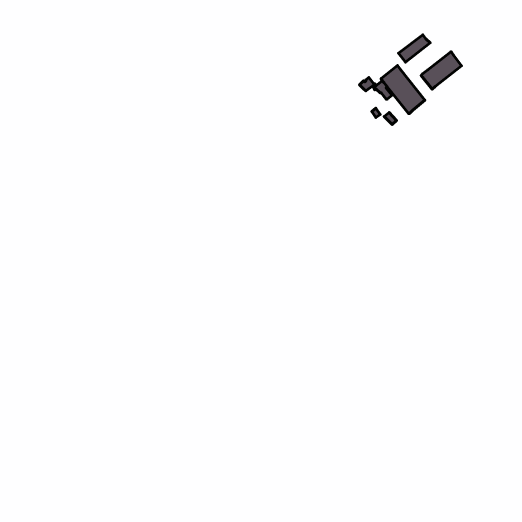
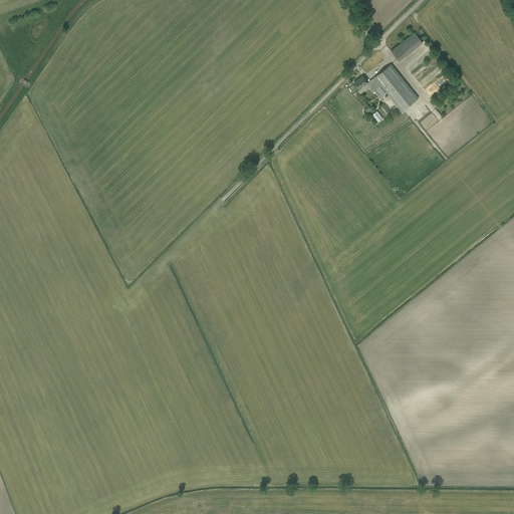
building: [421,52,462,89] -> none

